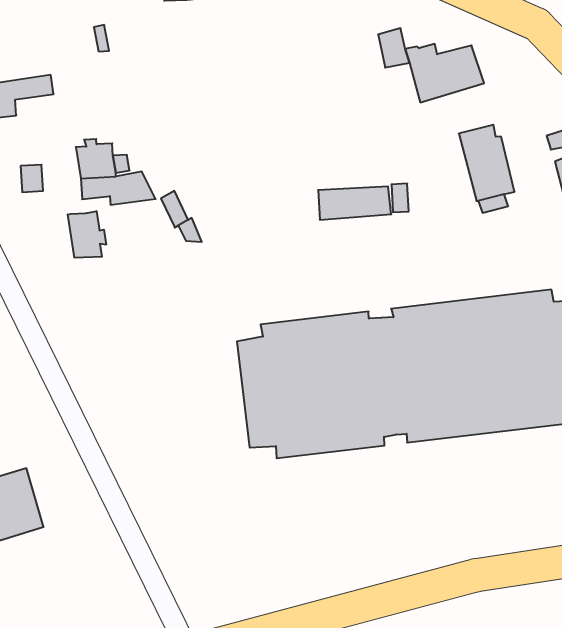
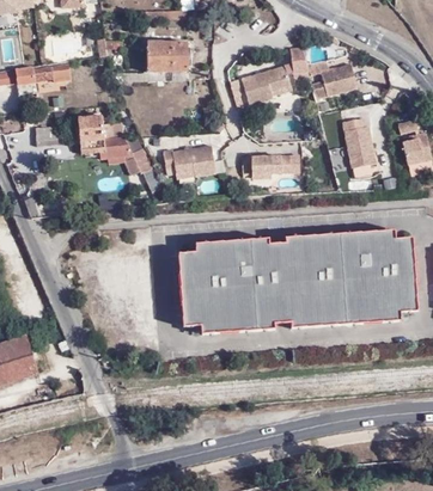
building: none -> [144,37,183,68]
building: none -> [238,63,289,106]
building: none -> [159,143,214,179]
building: [68,211,106,258] -> none

